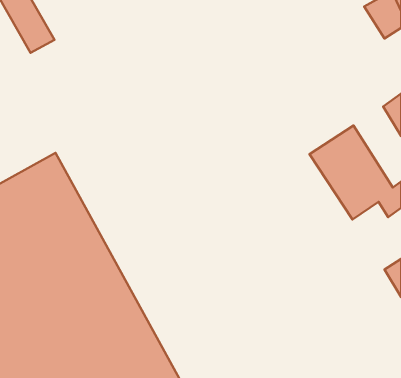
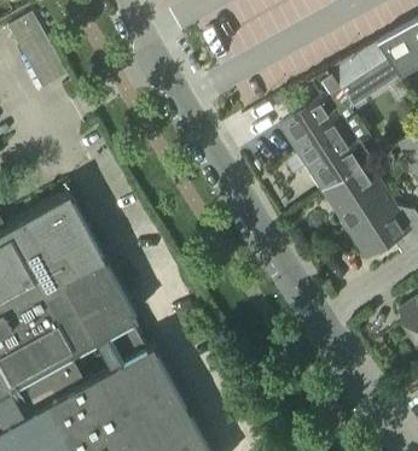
building: none -> [335,45,400,105]
building: none -> [281,99,368,194]

